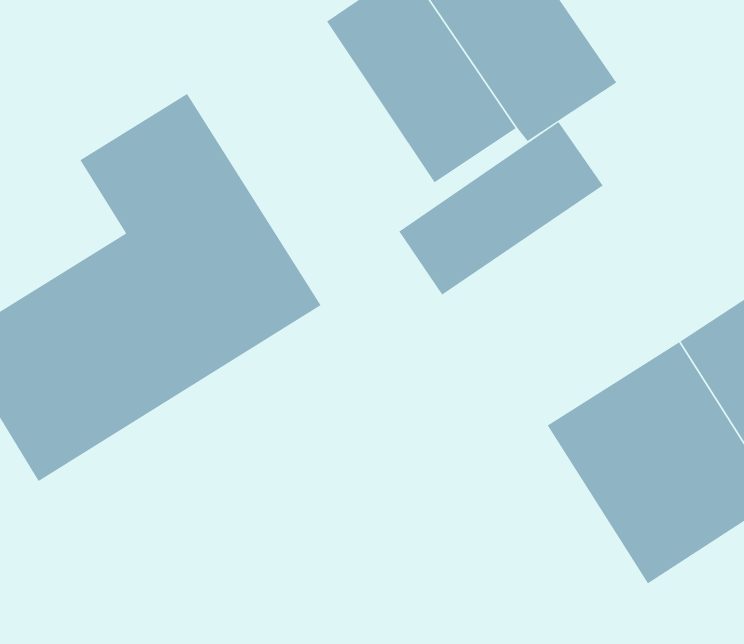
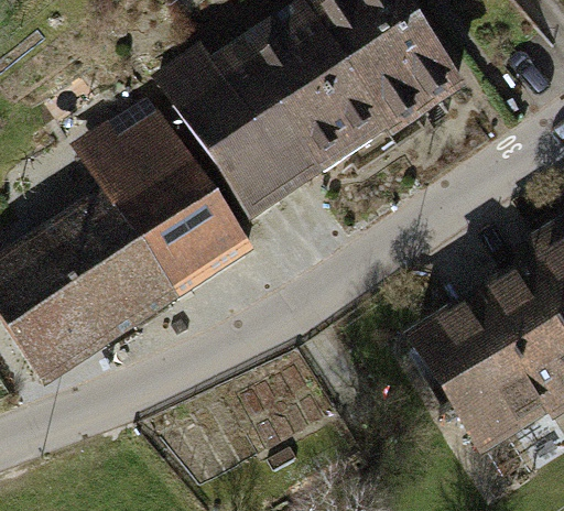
building: none -> [166,46,332,211]
building: [399,121,603,295] -> none

